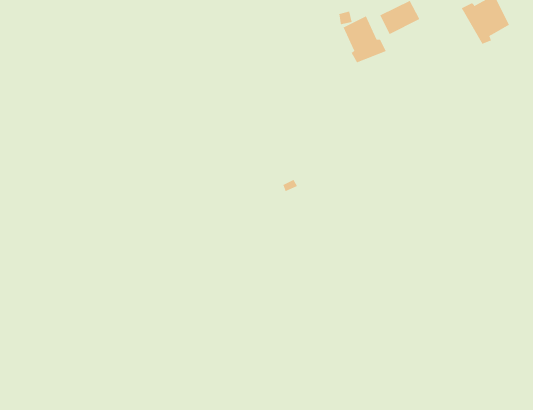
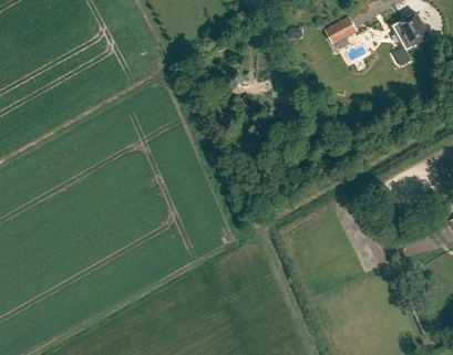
building: [343,15,386,63] -> none

